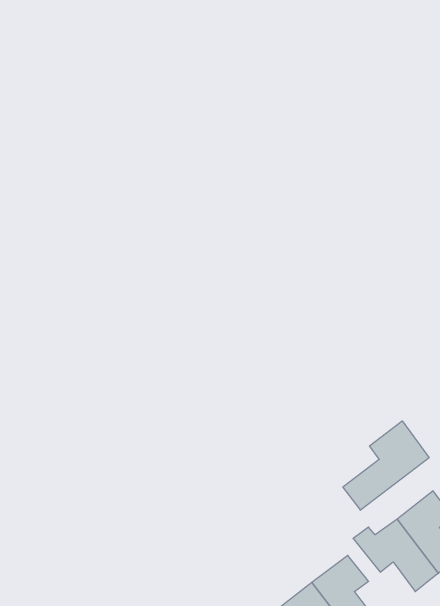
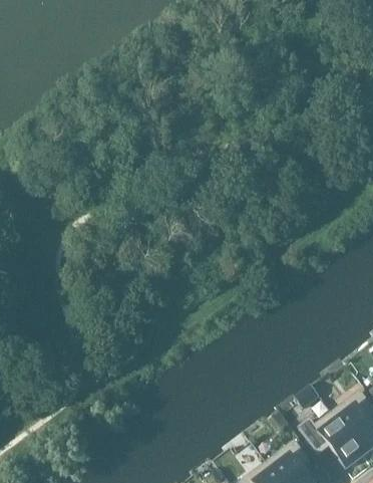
building: [343,421,429,510] -> none

